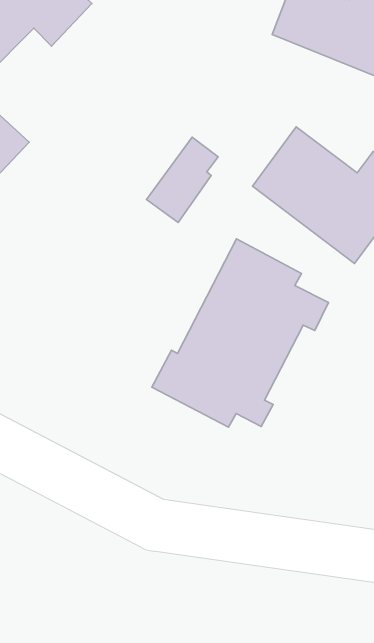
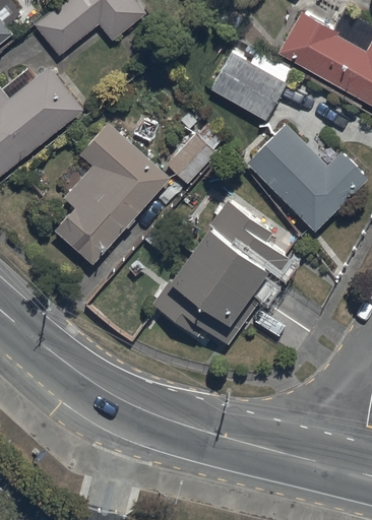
building: none -> [211,52,289,121]
building: none -> [54,123,170,264]

